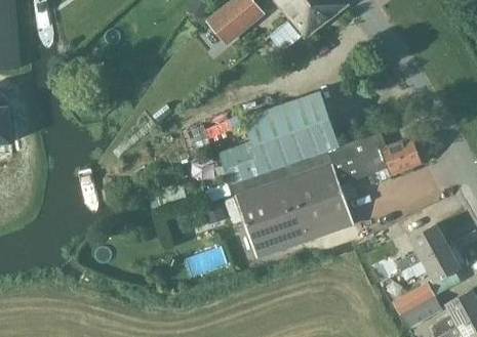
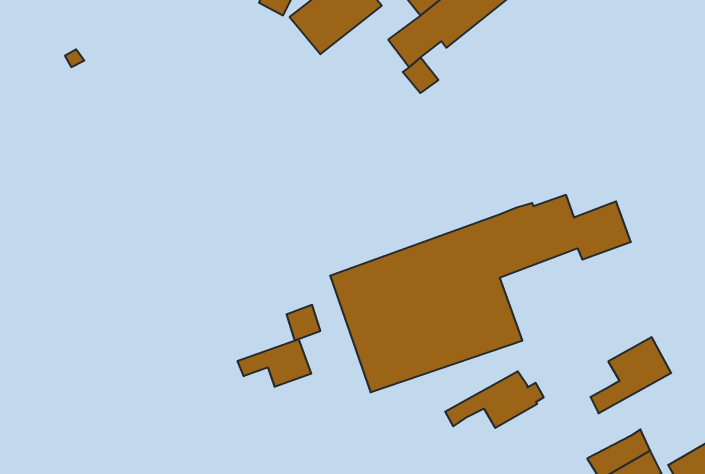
building: [220,91,339,184] -> none
building: none -> [238,339,311,387]
building: [401,246,464,282] -> [445,371,544,428]

